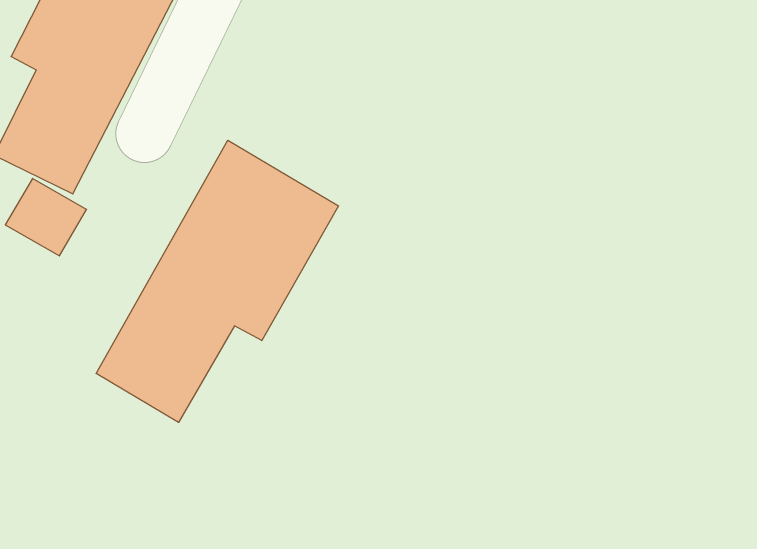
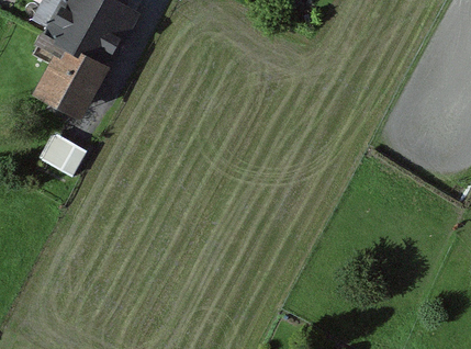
building: [96,140,339,422] -> none

